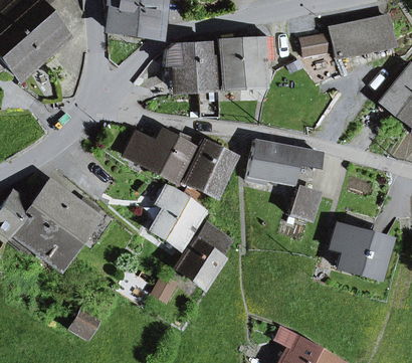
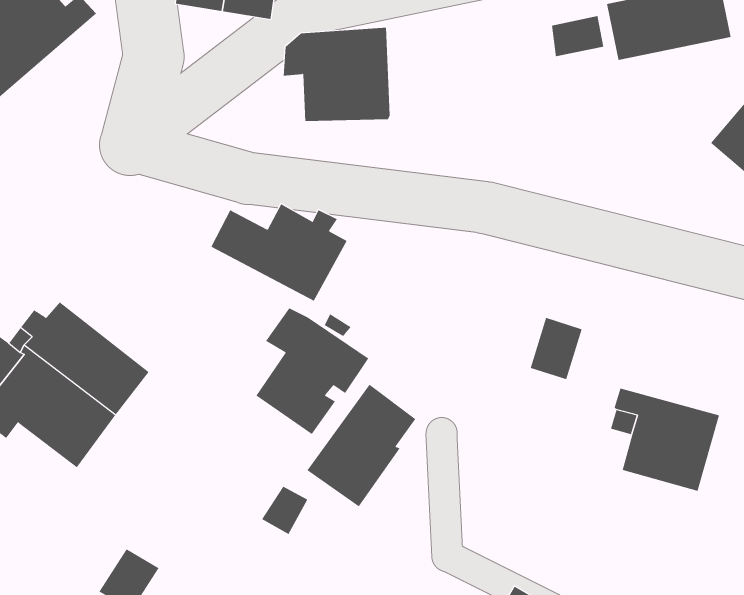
building: [217,37,270,85] -> none
building: [246,139,321,184] -> none
building: [184,140,233,193] -> none

